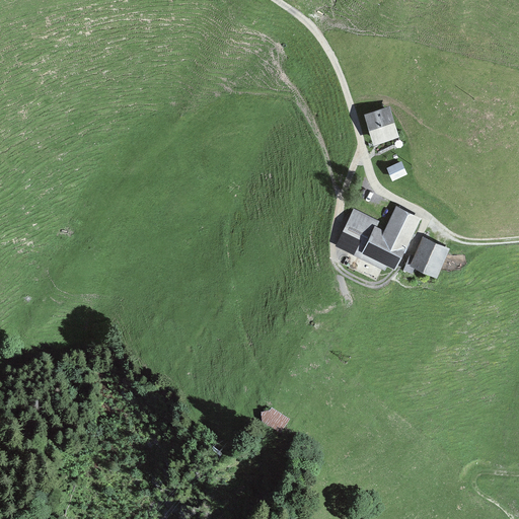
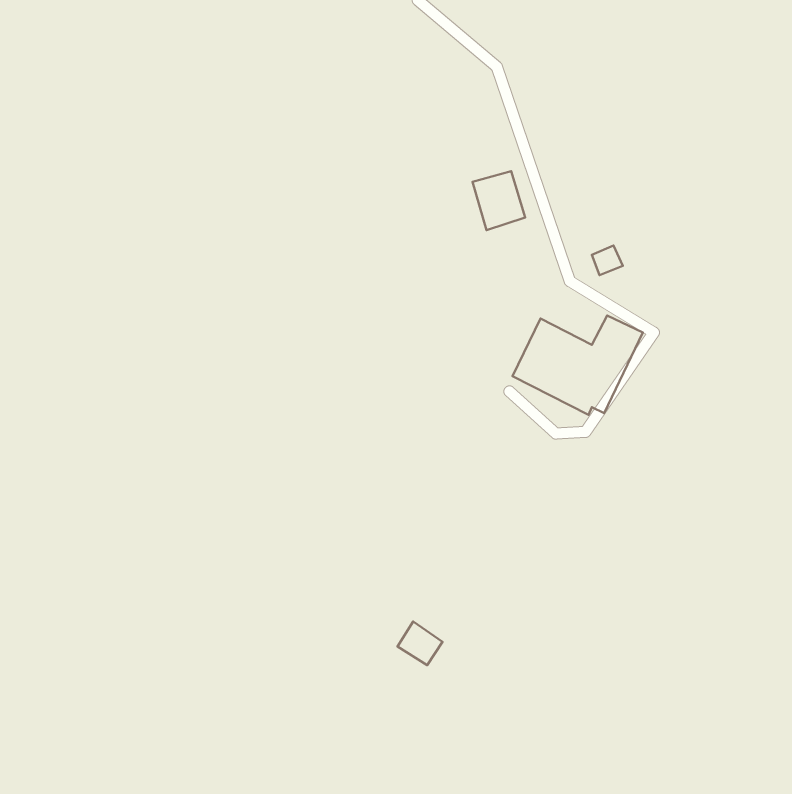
building: [364,105,398,144] -> [472,171,525,230]
building: [402,236,450,279] -> none

